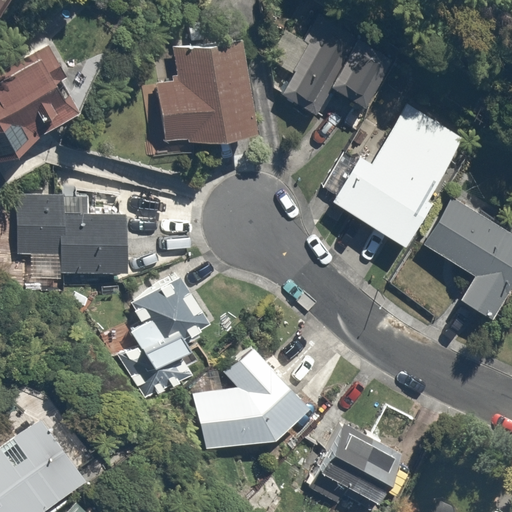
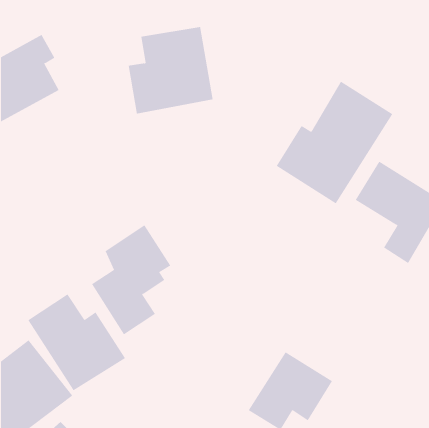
building: [266,27,388,118] -> none
building: [20,199,123,275] -> none
building: [194,345,309,457] -> none
building: none -> [28,294,126,391]

